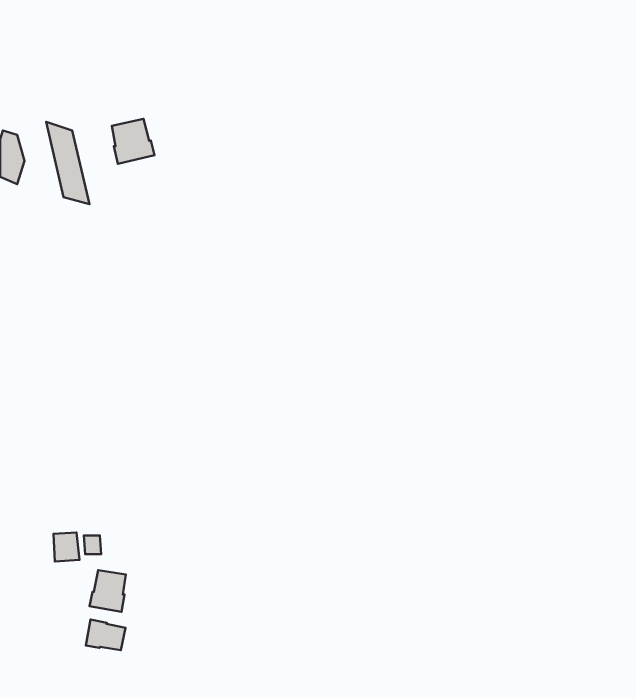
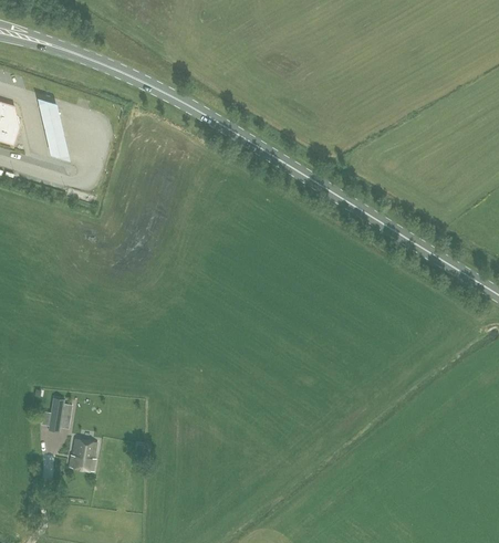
building: [112,119,154,164] -> none
building: [86,619,125,650] -> none

